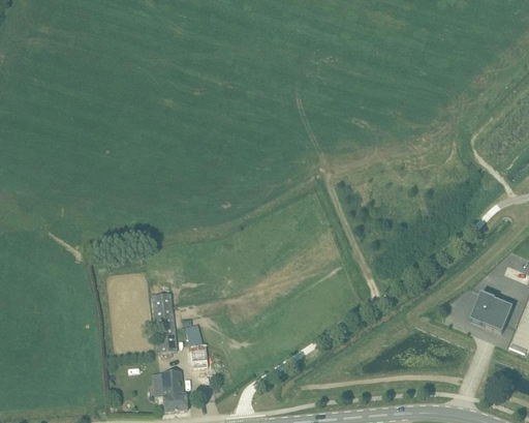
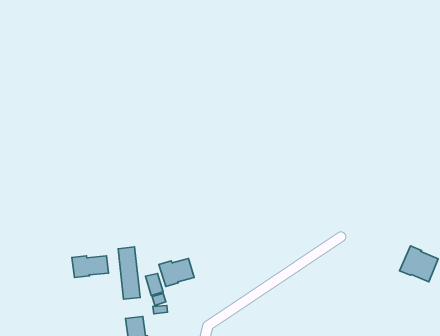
building: none -> [72,256,109,277]
building: none -> [159,259,194,286]

